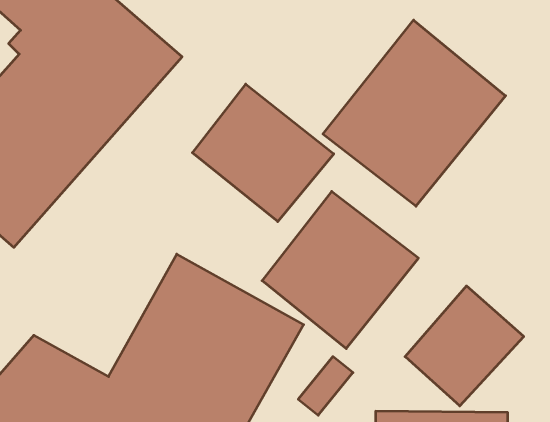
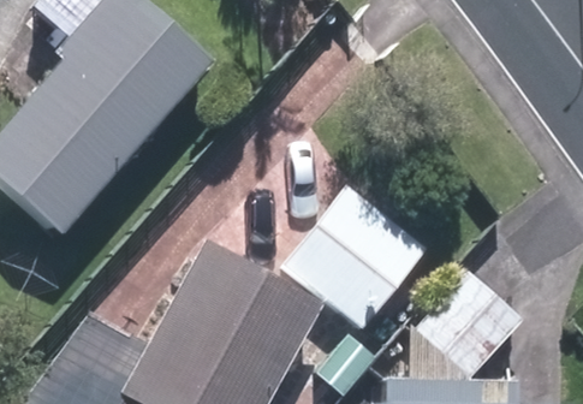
building: [323,20,506,206] -> none
building: [192,84,334,222] -> none

